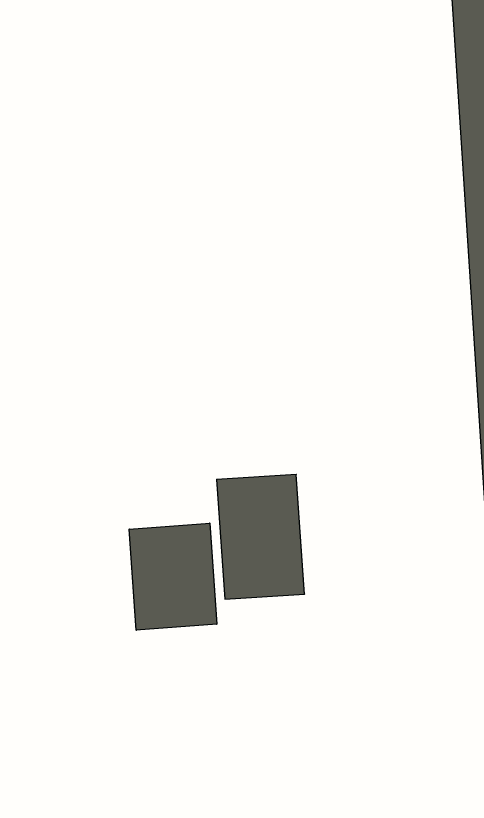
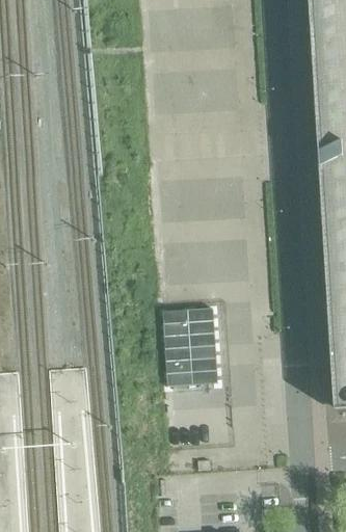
building: [129,523,217,630] -> none

